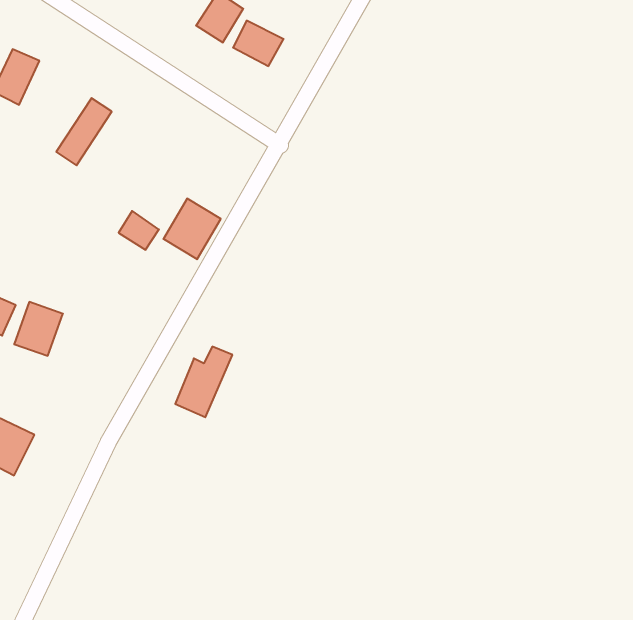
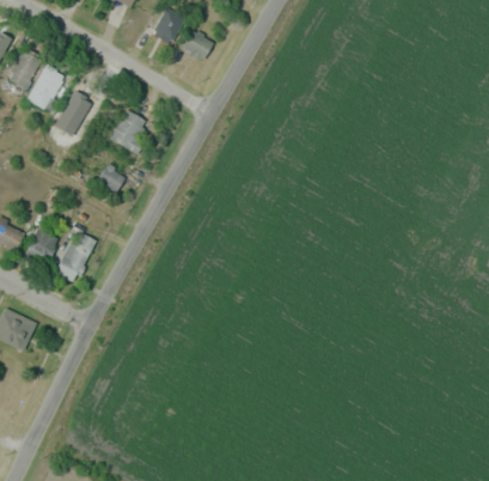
building: none -> [27,63,67,111]
building: [163,199,221,259] -> [110,109,151,152]
building: [175,347,232,417] -> [55,233,96,284]

